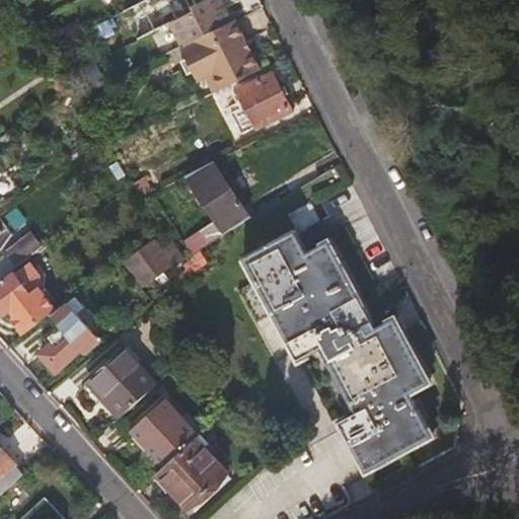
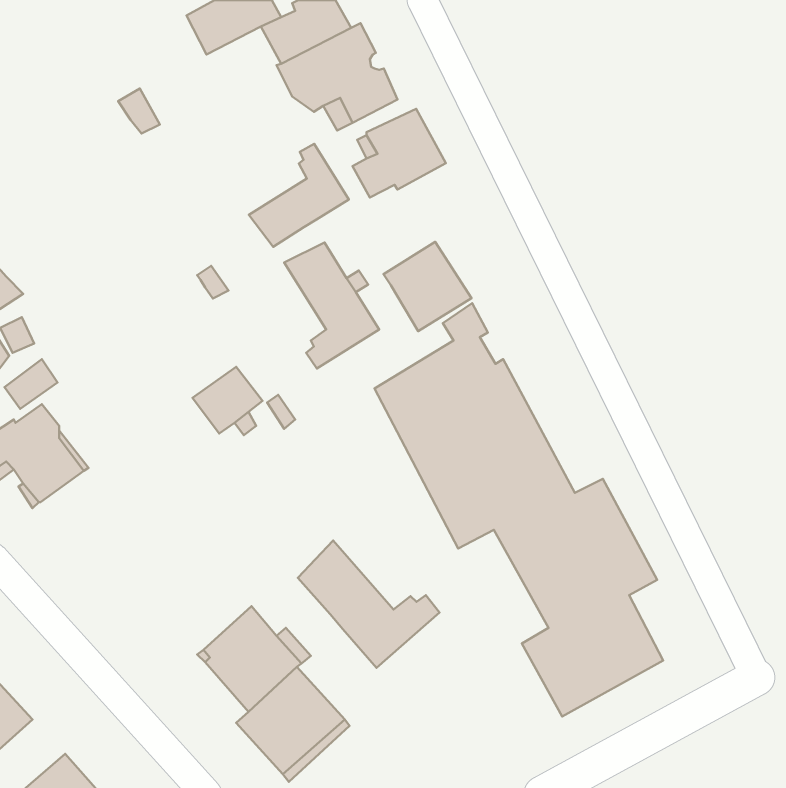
building: none -> [249,144,349,247]
building: none -> [383,242,472,331]
building: [39,300,98,372] -> none
building: [84,348,151,419] -> none
building: none -> [298,540,439,668]

